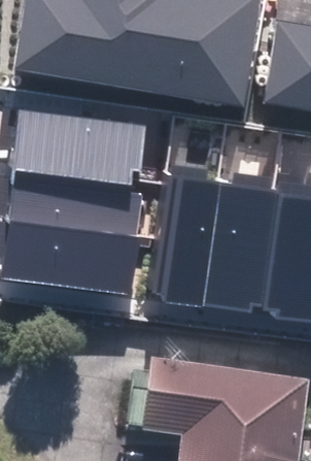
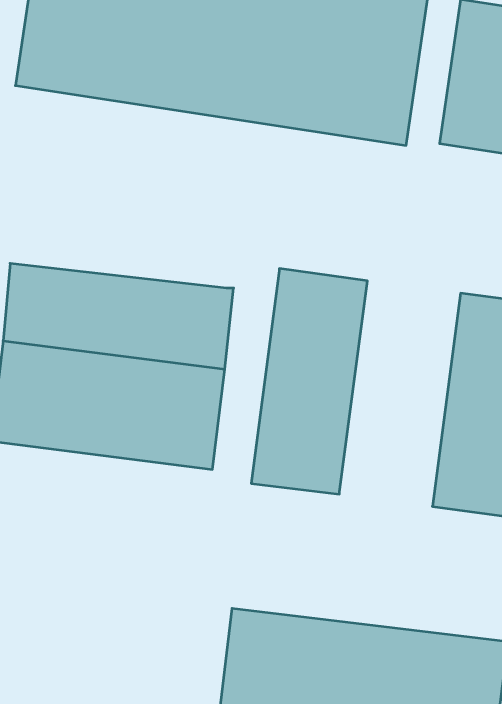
building: [13,111,146,188] -> none
building: [206,184,277,316] -> none

